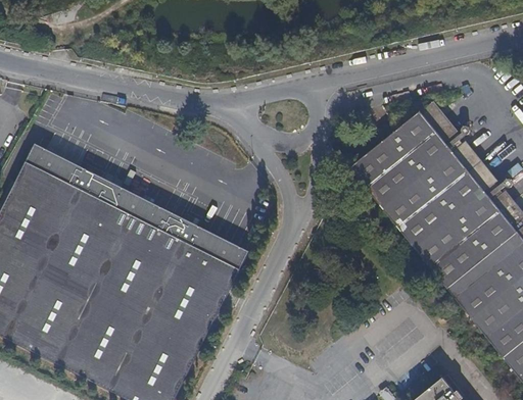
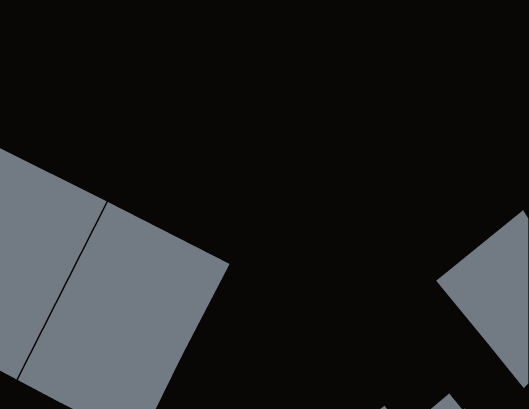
building: [350,103,514,271] -> none

